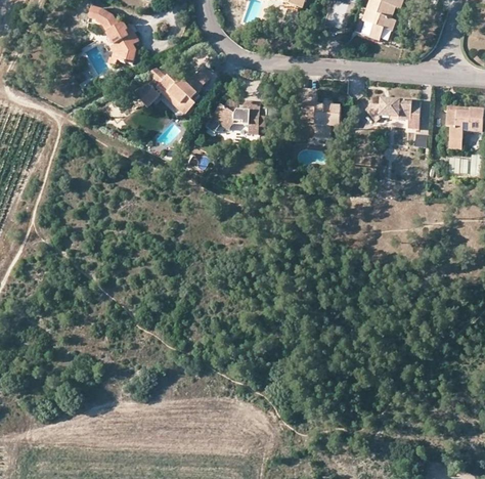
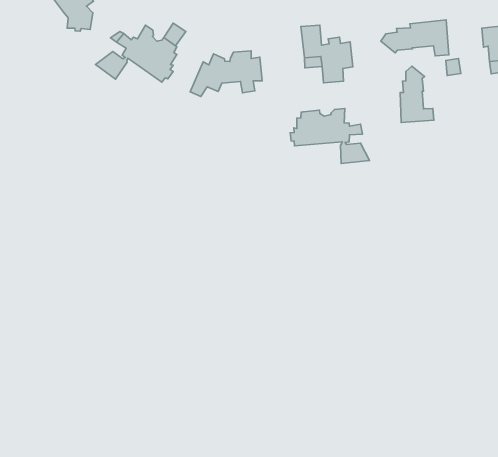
building: none -> [400,66,434,123]
building: none -> [290,108,369,163]

